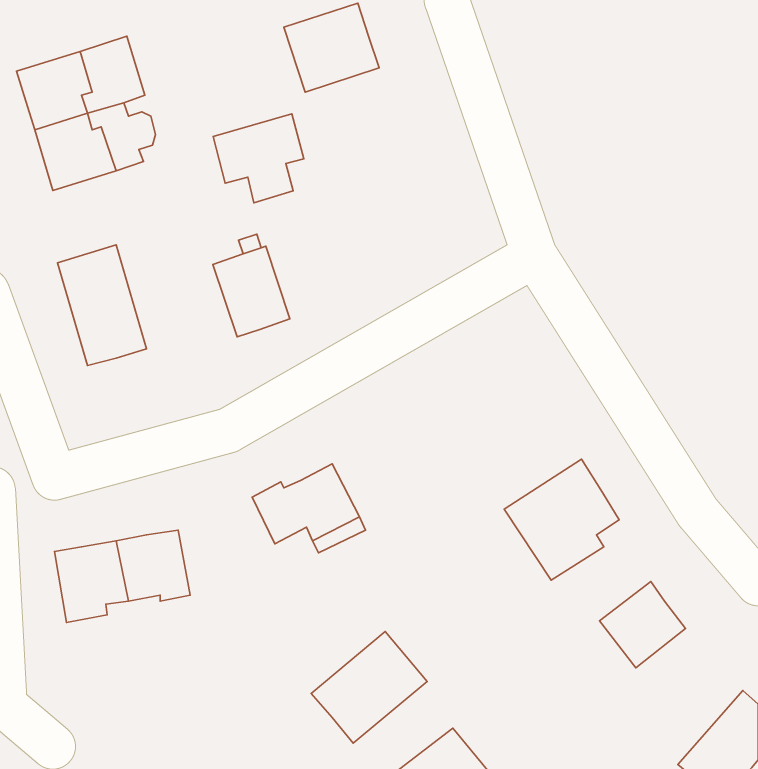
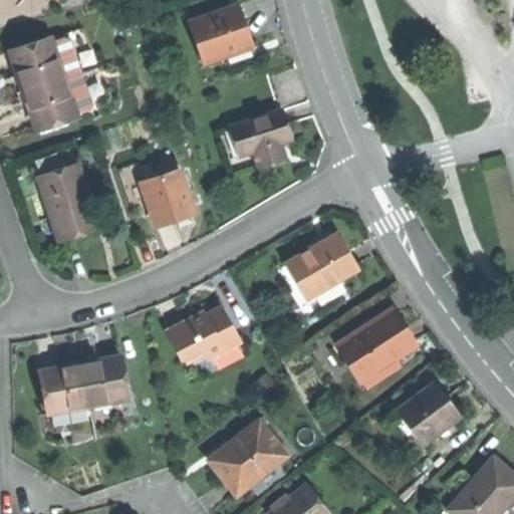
building: [213,114,304,203] -> [231,105,291,165]
building: none -> [287,236,356,298]

